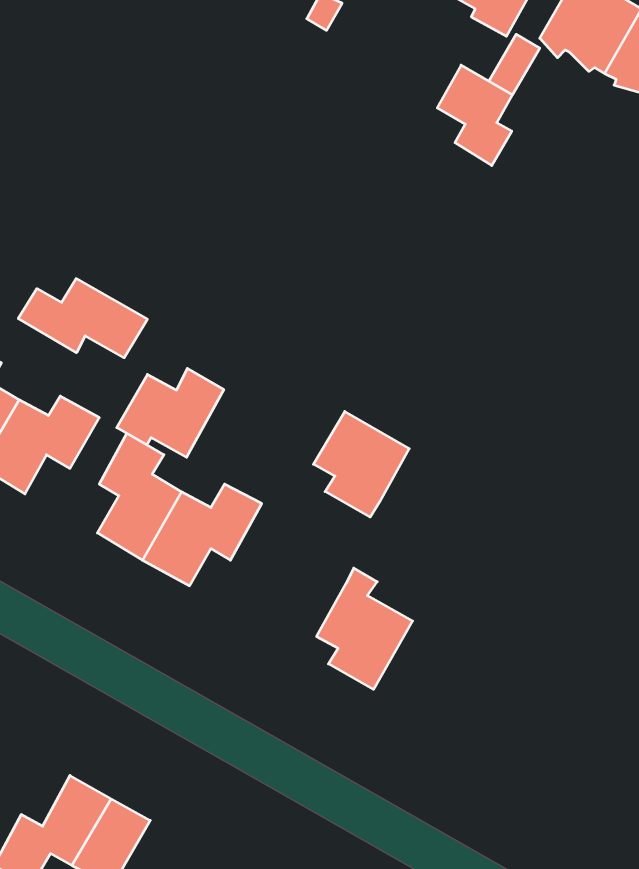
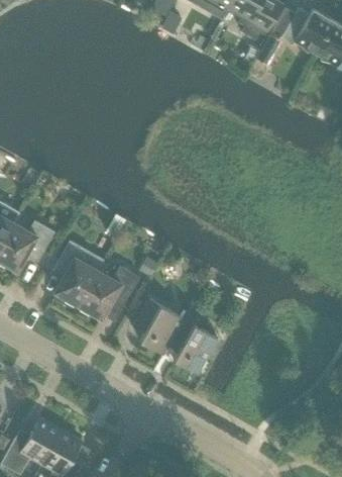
building: [437,65,512,166] -> none
building: [18,279,147,358] -> none
building: [117,368,224,457] -> none
building: [313,411,409,517] -> [132,298,182,353]

